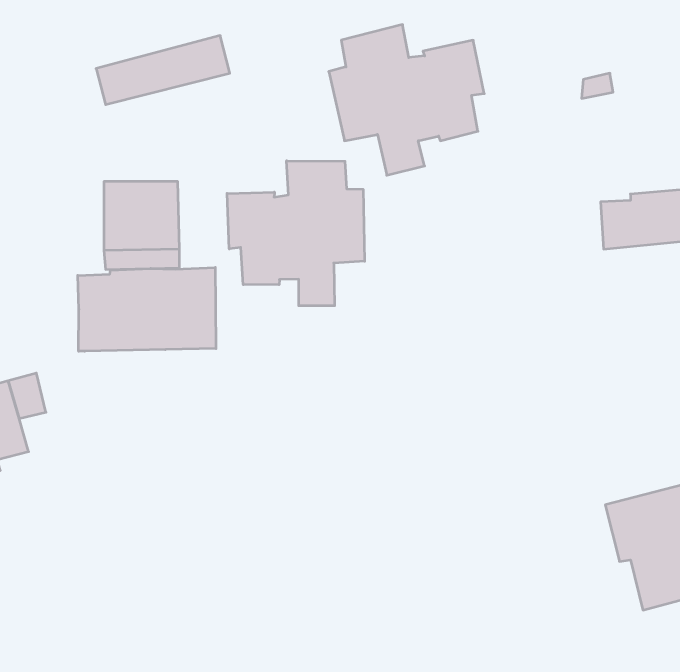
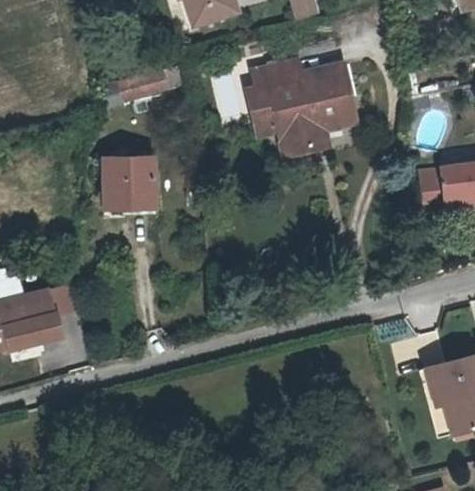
building: [227,161,365,306] -> none
building: [78,267,216,351] -> none

